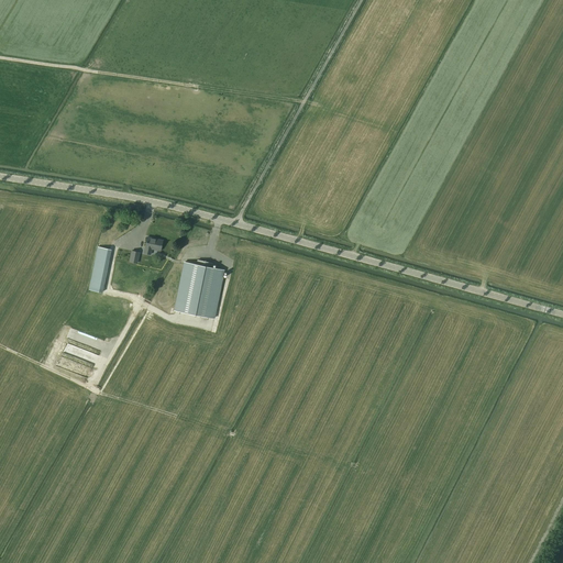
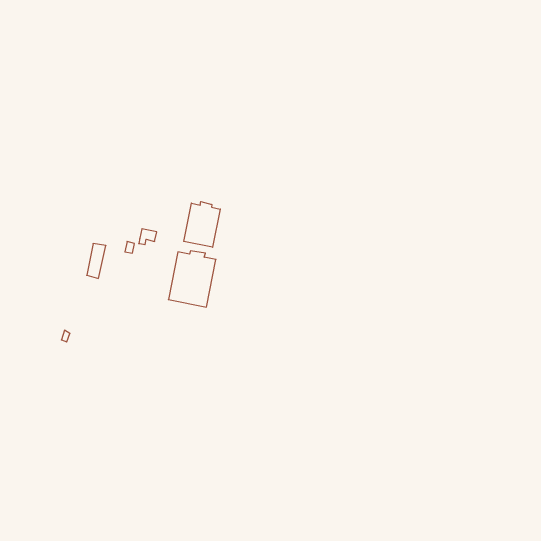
building: none -> [184,202,220,247]

